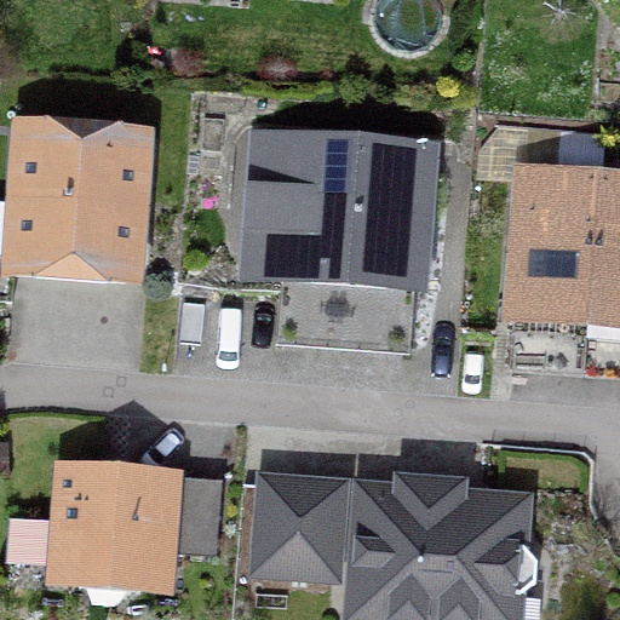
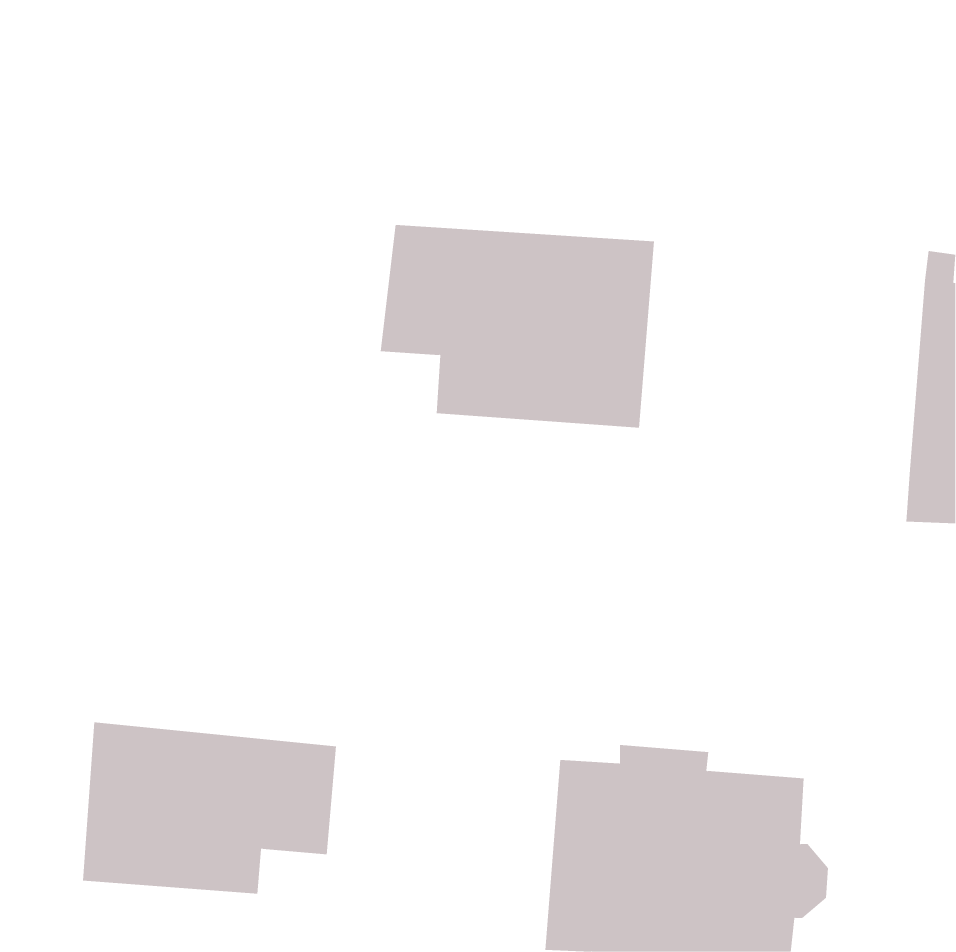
building: [513,136,602,304] -> none
building: [15,138,139,269] -> none
building: [259,483,338,574] -> none

